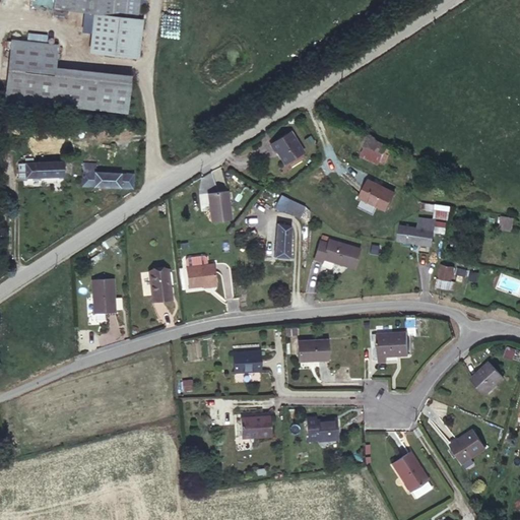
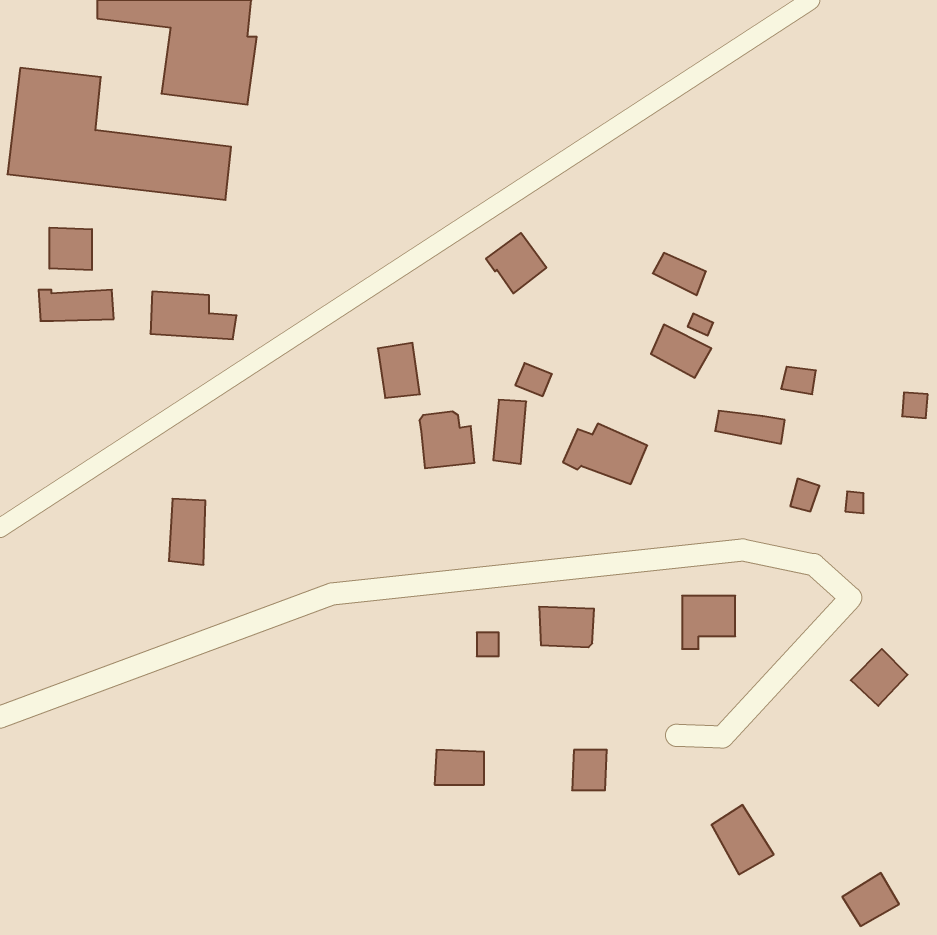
building: none -> [49,228,92,270]
building: [185,260,215,291] -> [419,411,475,468]
building: [147,270,171,303] -> none
building: [233,348,260,371] -> none
building: [453,430,484,459] -> [842,873,899,926]

